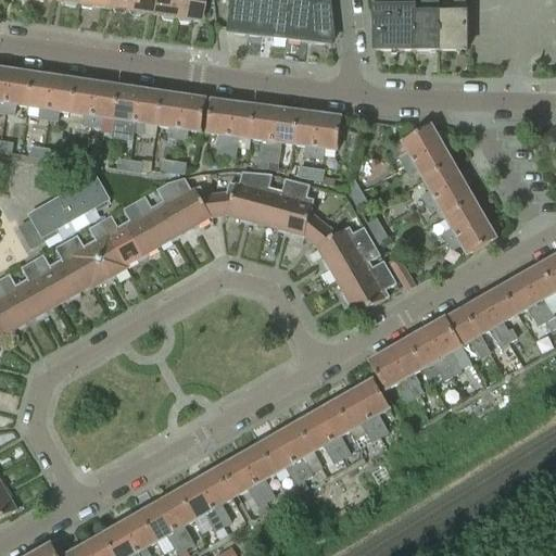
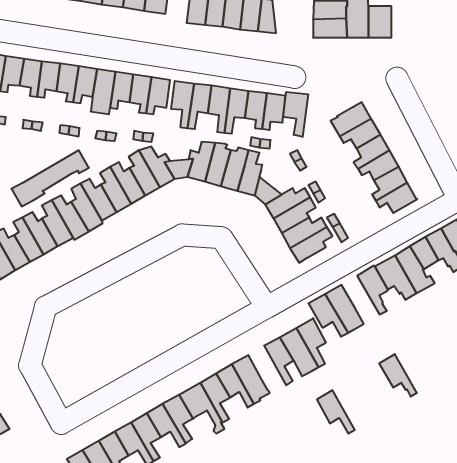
building: none -> [283,92,308,137]
building: [407,327,452,377] -> [379,354,417,397]
building: [298,409,342,460] -> [317,390,355,434]

